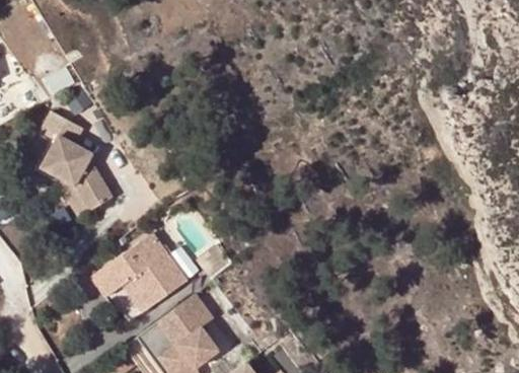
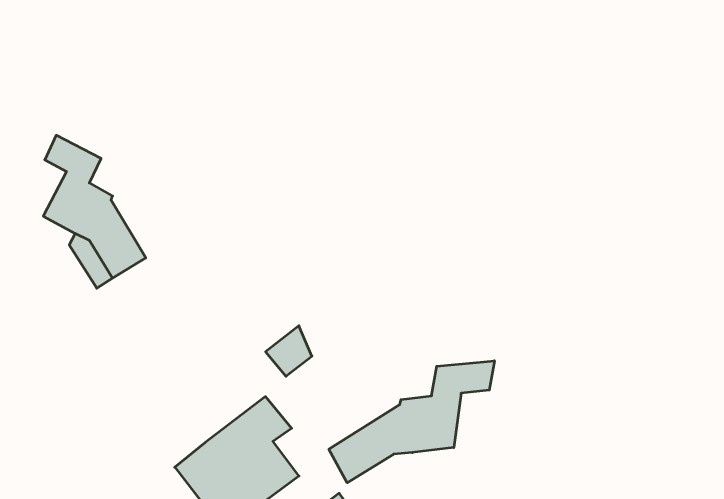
building: [89,232,184,322] -> none
building: none -> [329,361,494,483]

